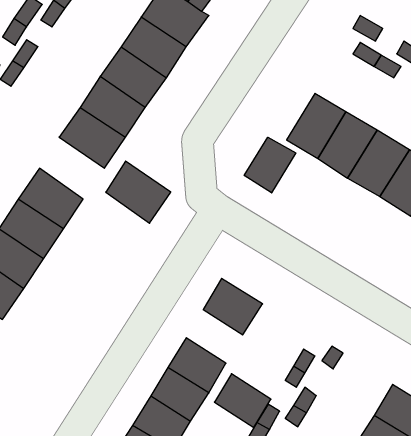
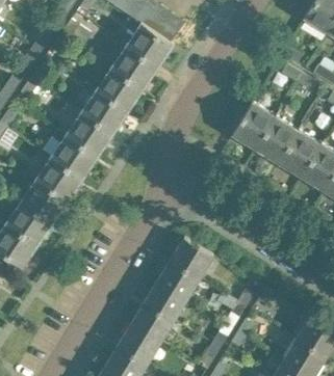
building: [244,137,296,193] -> none
building: [106,161,171,223] -> [49,135,97,181]
building: [214,374,271,427] -> [157,262,199,301]

